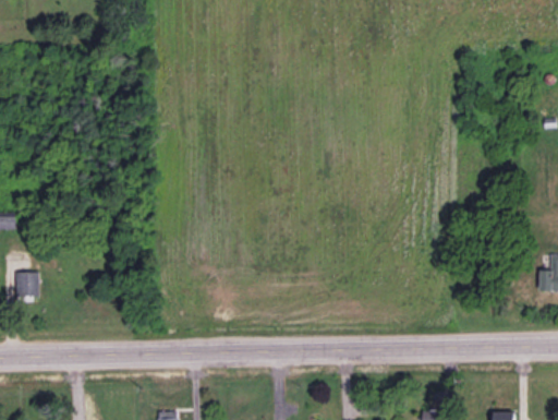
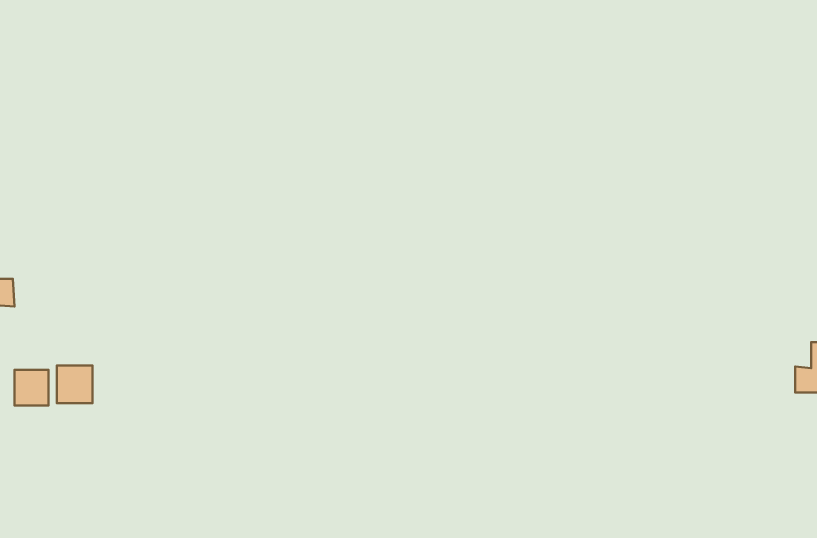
building: none -> [57,365,93,403]

